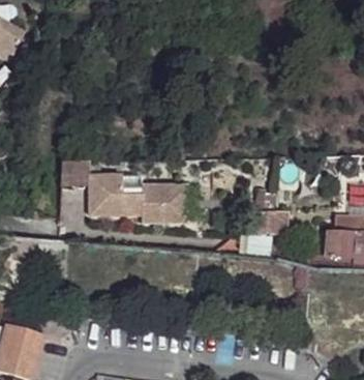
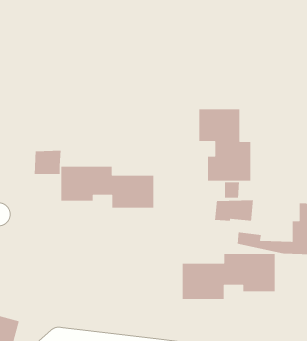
building: none -> [199,108,251,182]
building: none -> [182,253,275,300]

